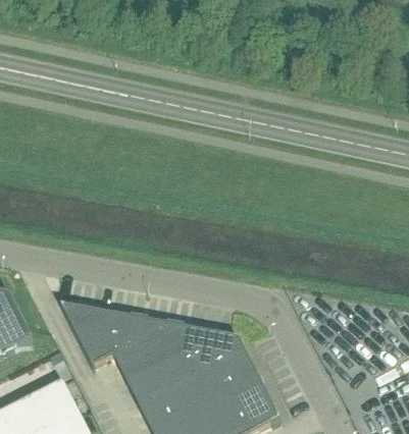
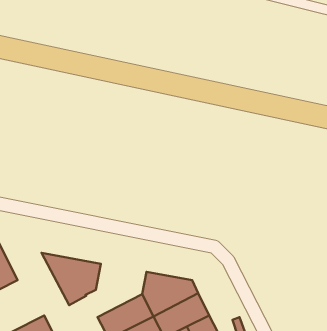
building: [111,315,184,378] -> none

